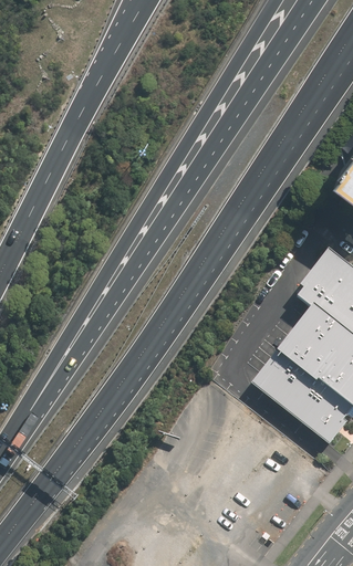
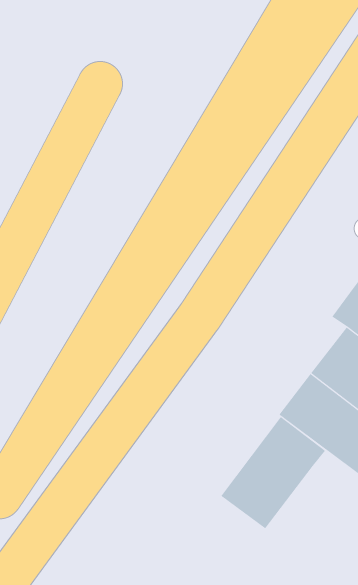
building: none -> [220,416,326,529]

